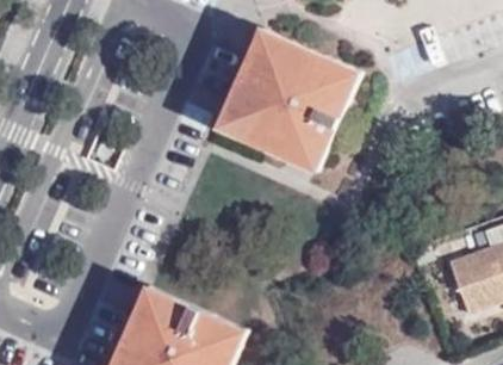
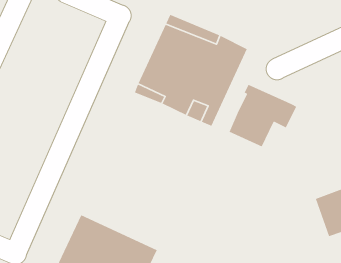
building: none -> [228,84,297,148]

